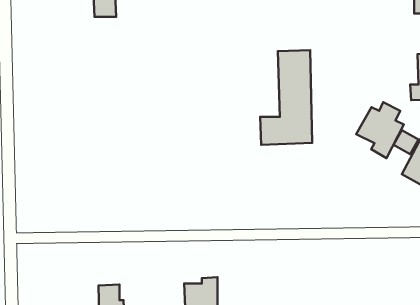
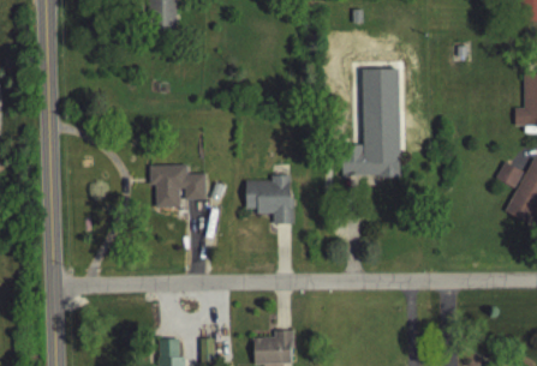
building: [356,102,404,158] -> none
building: none -> [149,164,205,208]
building: none -> [245,175,292,223]

